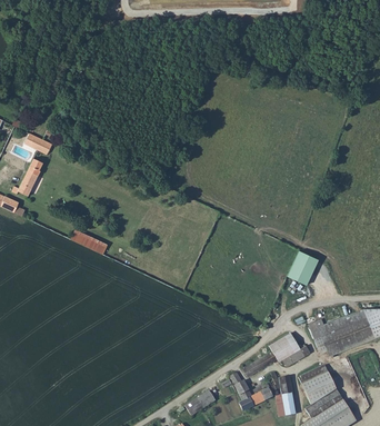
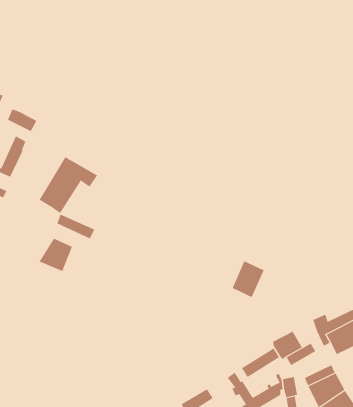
building: none -> [39,156,98,214]
building: [288,248,318,283] -> [232,260,264,298]
building: none -> [39,238,74,272]

